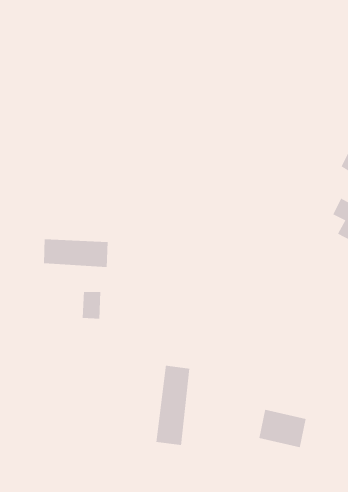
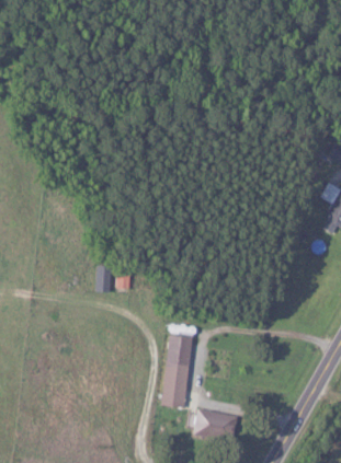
building: [43,239,108,268] -> none
building: [258,409,306,448] -> [192,407,236,442]

